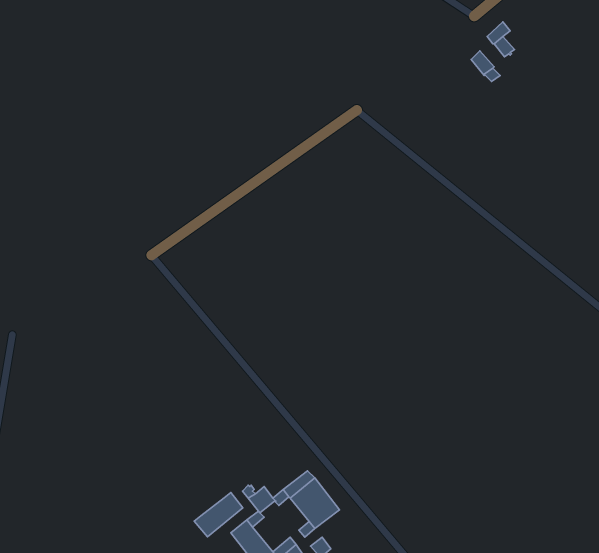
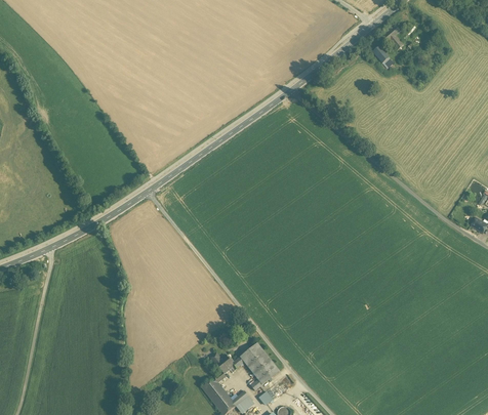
building: [194,492,243,537] -> none

